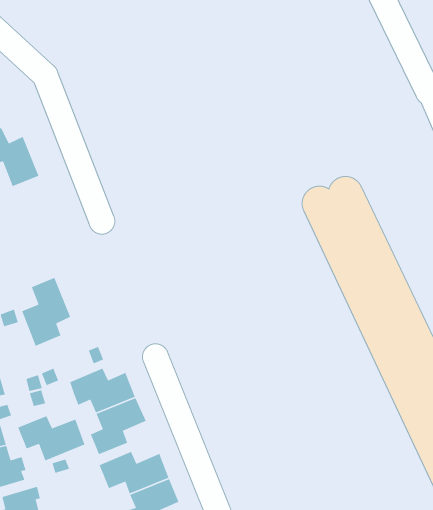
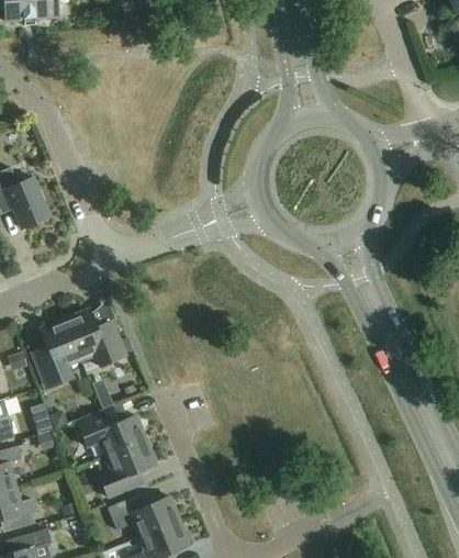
building: none -> [64,309,127,366]
building: [17,415,85,461] -> none

